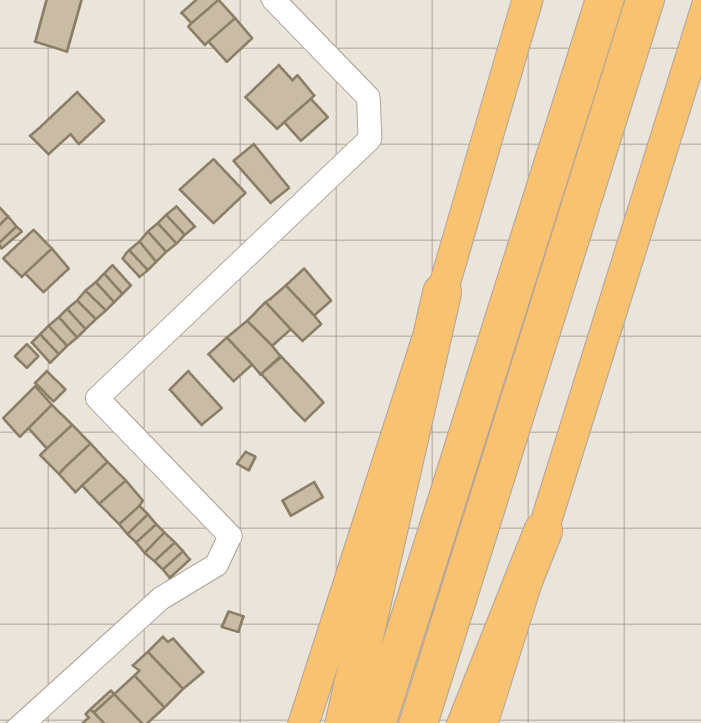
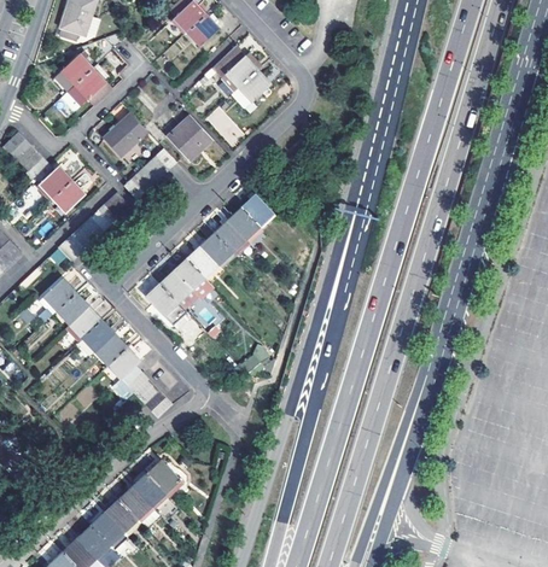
building: none -> [53,49,92,93]
building: none -> [103,115,146,157]
building: [261,357,323,421] -> [171,256,216,302]
building: none -> [142,281,185,323]

